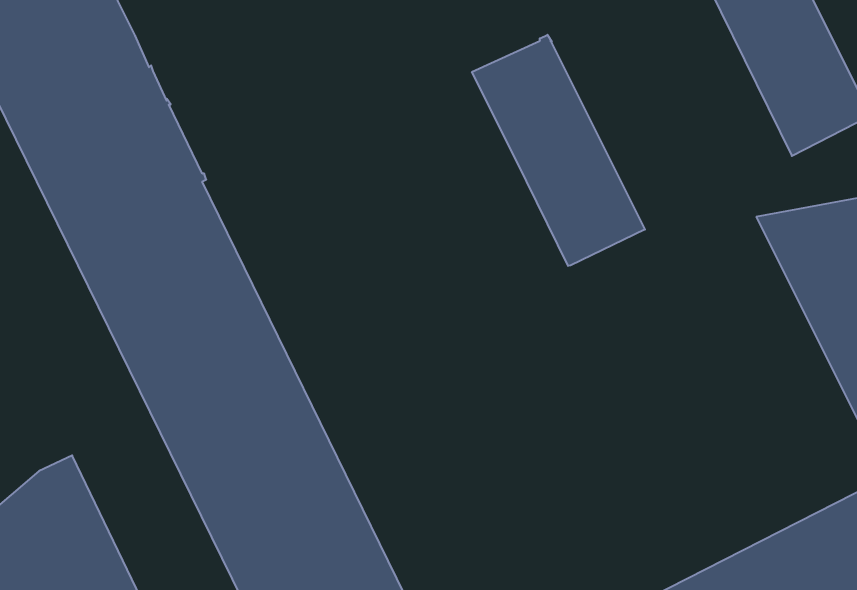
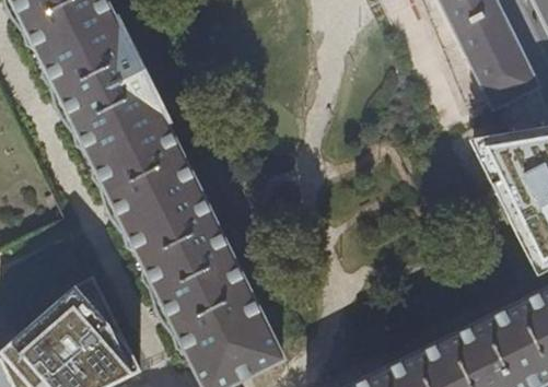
building: [472,35,645,266] -> none

